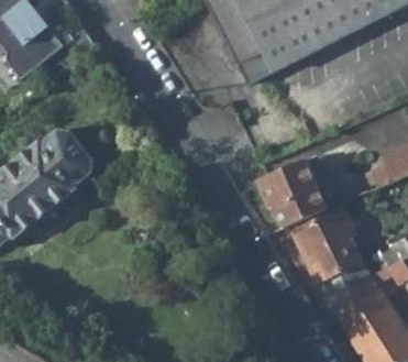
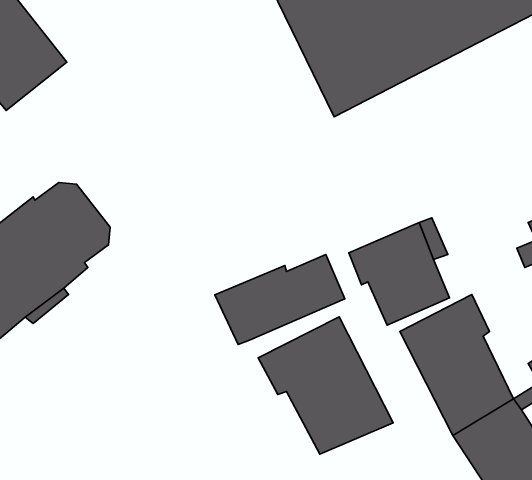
building: none -> [215,255,345,344]
building: none -> [258,317,393,454]

